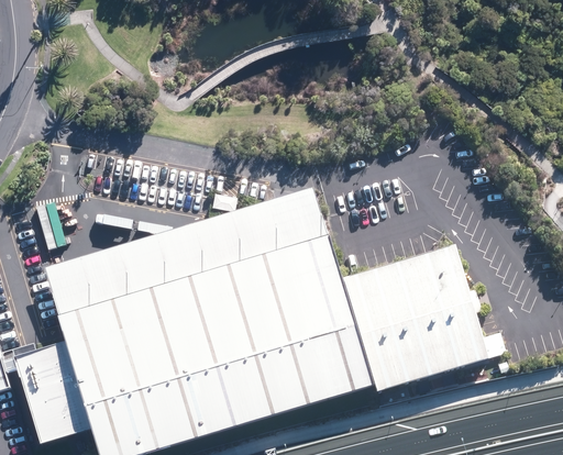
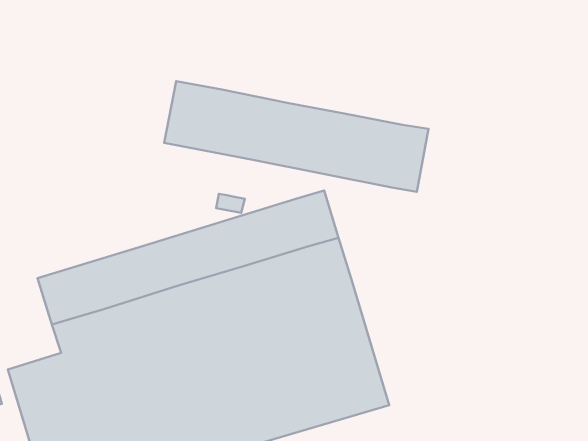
building: none -> [164,81,429,192]
building: [336,241,504,392] -> none

